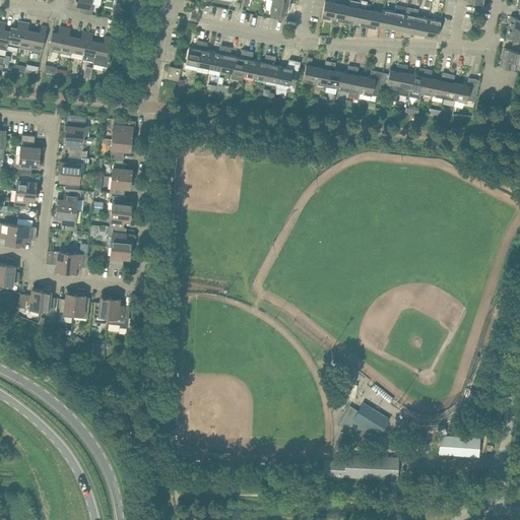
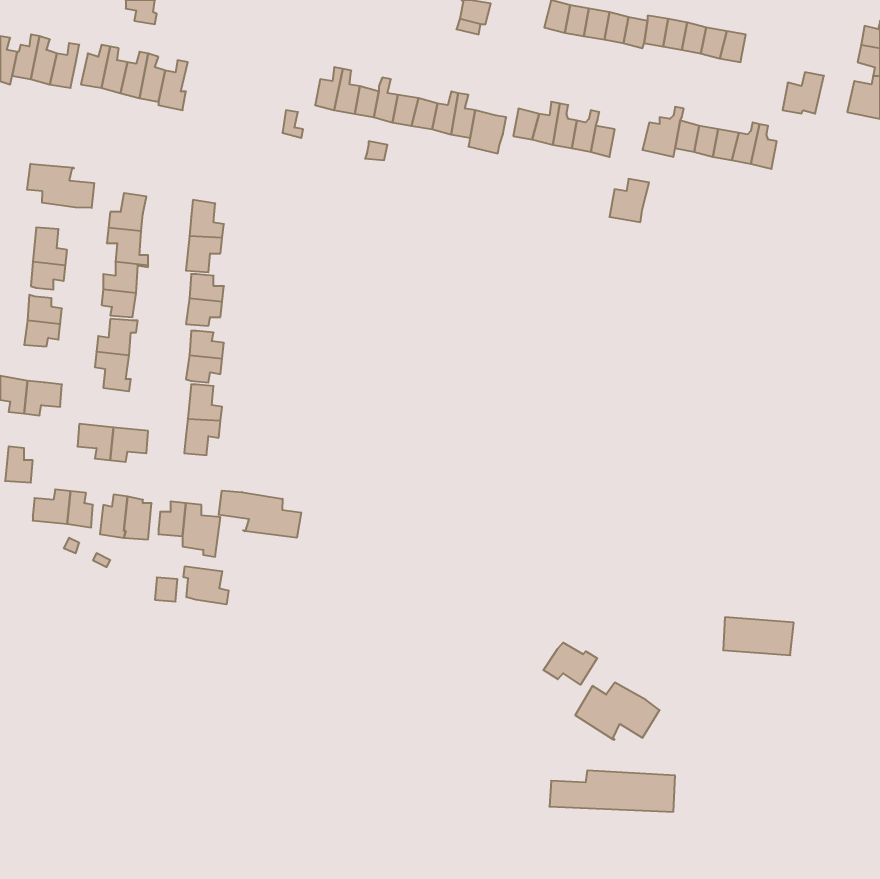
building: [360,71,383,96] -> [609,179,649,222]
building: [455,78,479,103] -> [783,72,824,114]
building: none -> [27,164,94,208]
building: none -> [219,491,301,538]
building: none -> [184,566,229,604]
building: none -> [543,643,597,685]
building: [439,435,480,457] -> [723,617,794,655]

